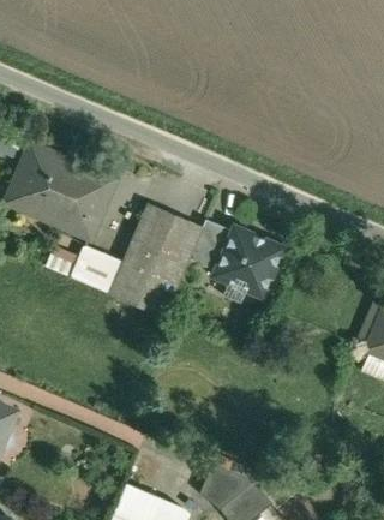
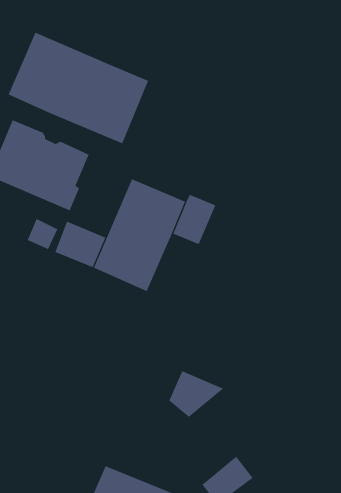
building: none -> [8,32,149,144]
building: [214,226,283,303] -> none
building: [198,462,253,509] -> [168,370,224,418]

